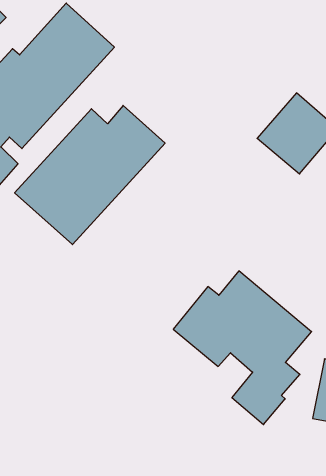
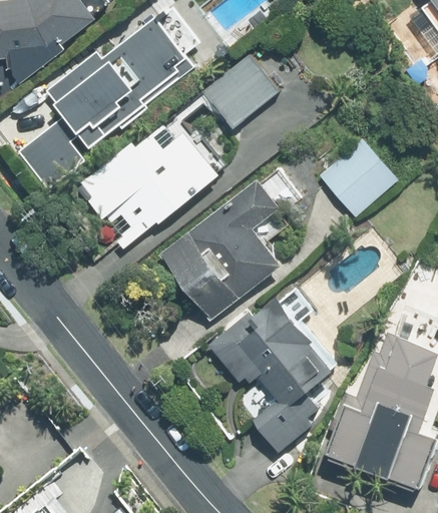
building: none -> [205,56,278,126]
building: none -> [156,177,281,321]

